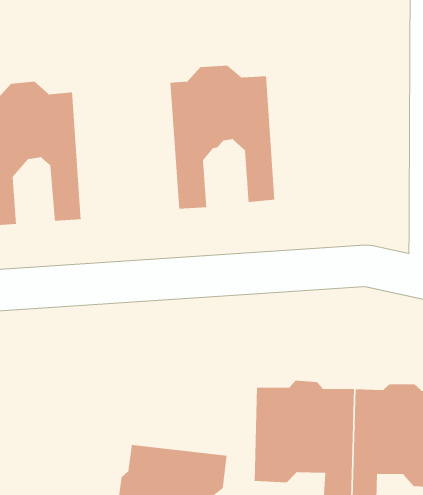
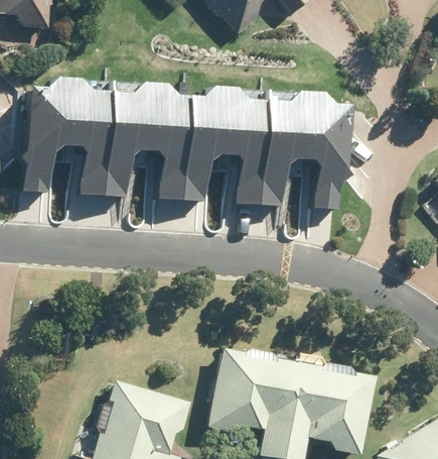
building: none -> [259,93,350,210]
building: none -> [102,85,188,200]

